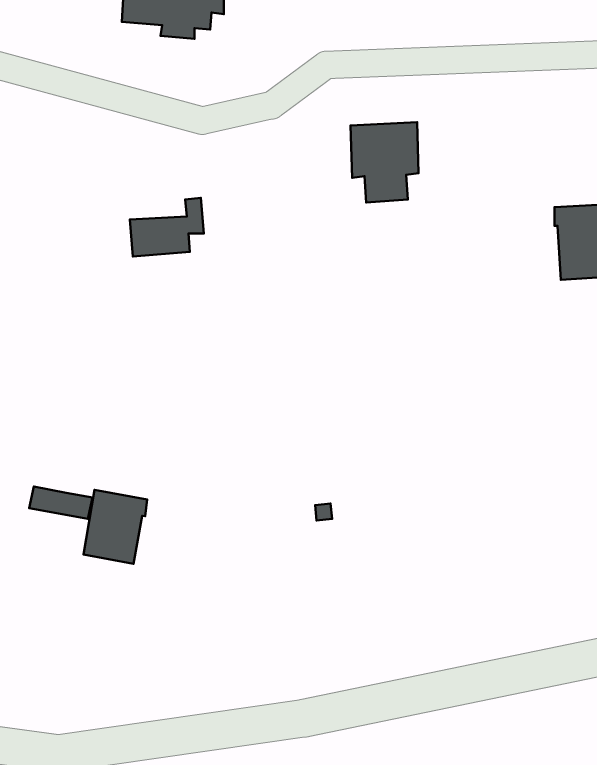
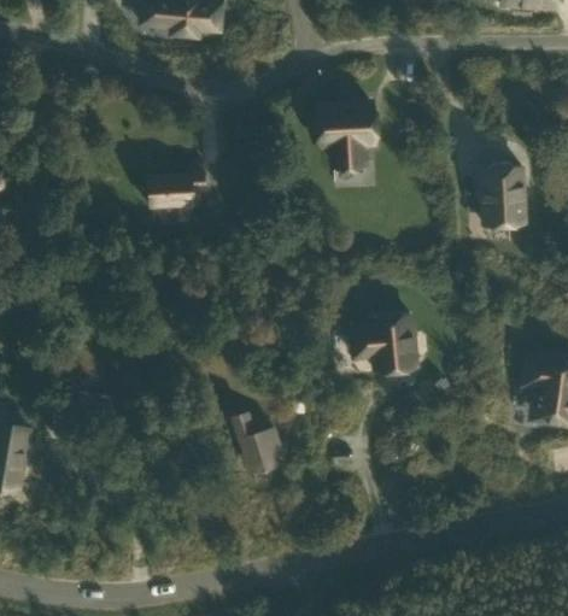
building: none -> [352,317,417,371]
building: [83,490,147,564] -> none
building: none -> [234,416,279,476]

